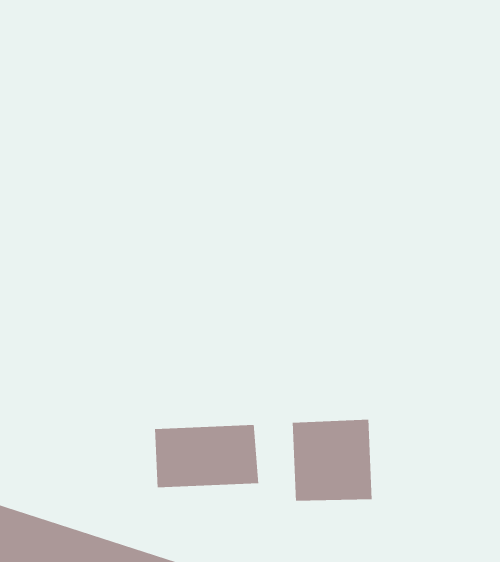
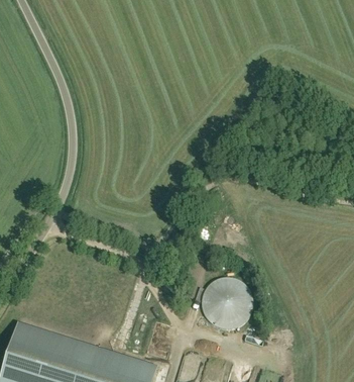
building: [154,424,259,488] -> none

